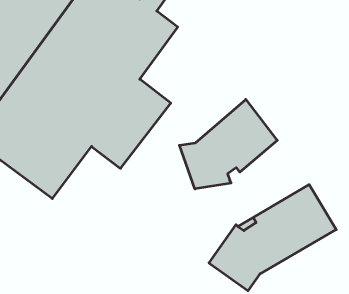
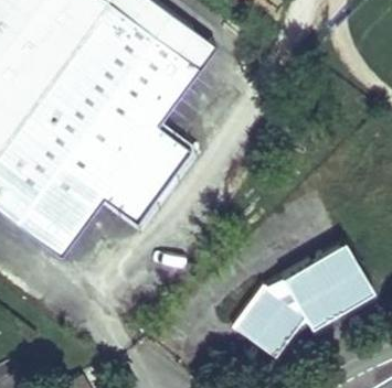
building: [179,99,277,189] -> none

